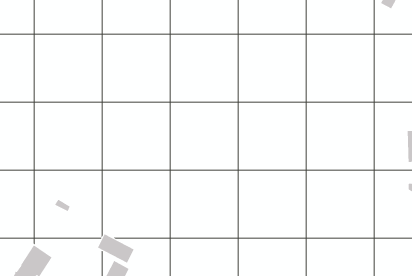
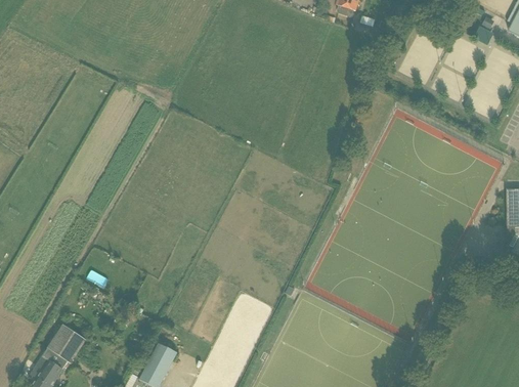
building: [97,233,134,264] -> none

